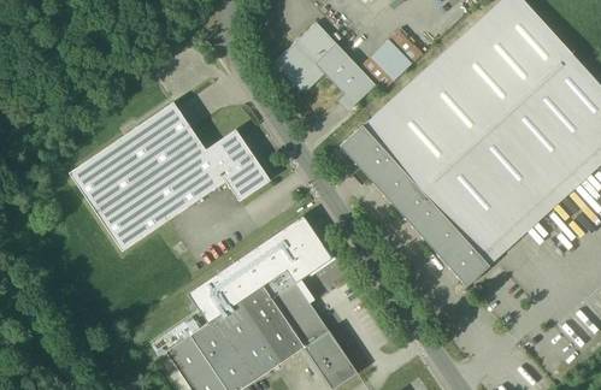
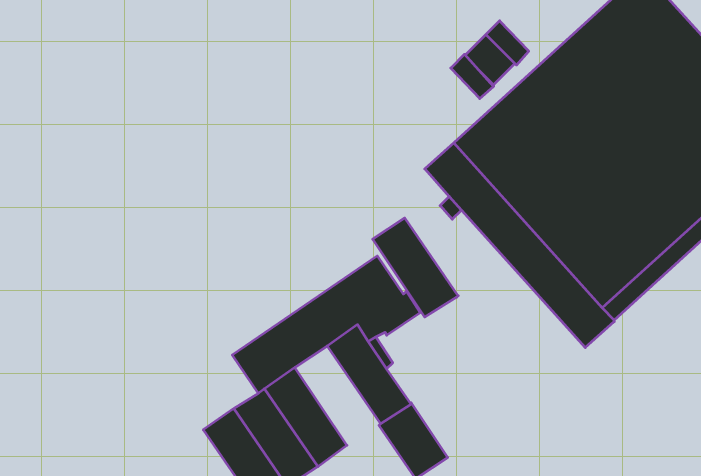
building: [277,22,377,106] -> none
building: [70,102,271,252] -> none
building: [238,285,306,364] -> [373,218,458,317]

